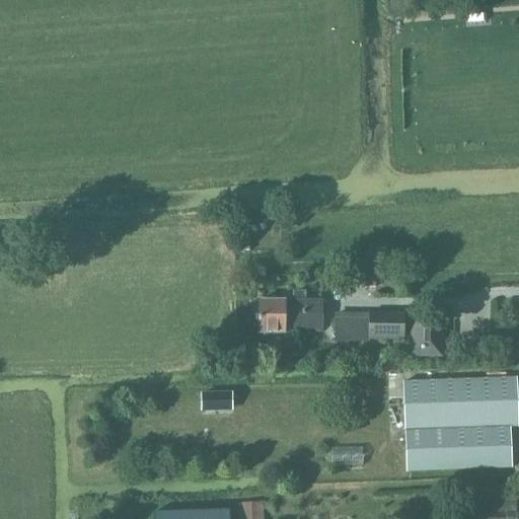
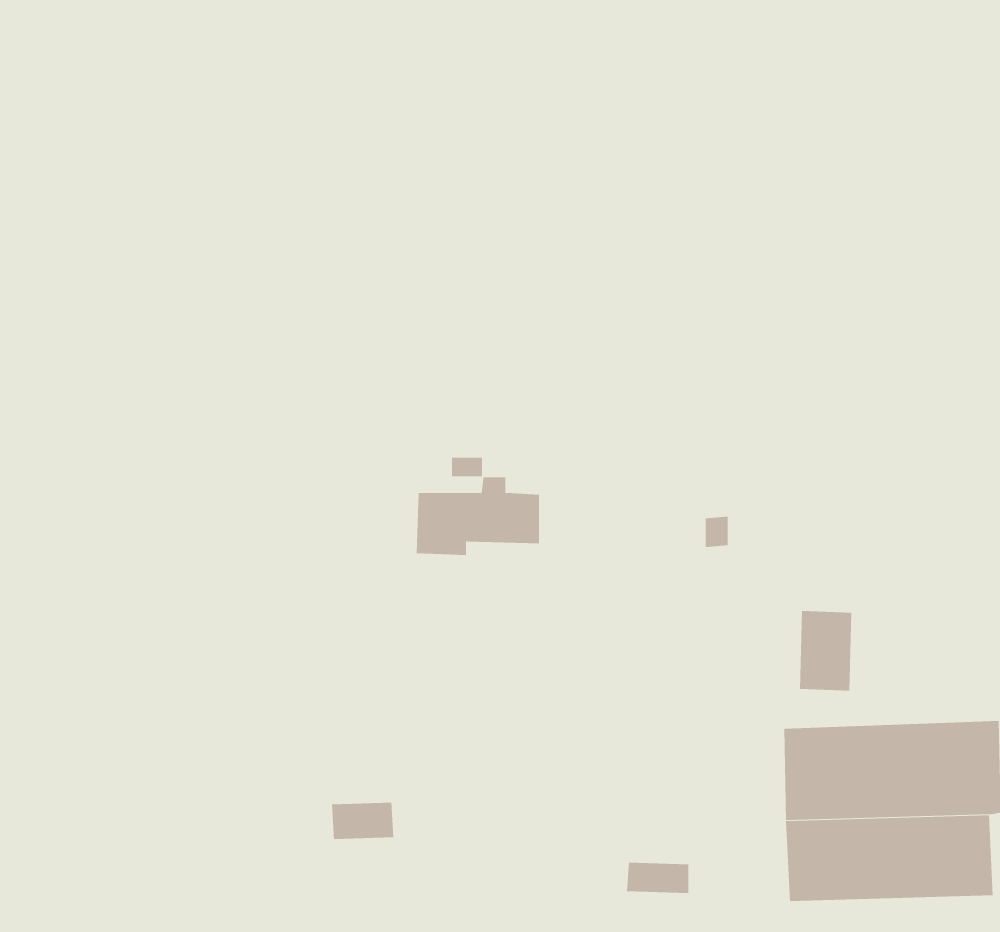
building: [258,292,322,332] -> [416,477,540,555]
building: [336,311,402,340] -> none
building: [202,391,234,411] -> [331,802,394,840]

